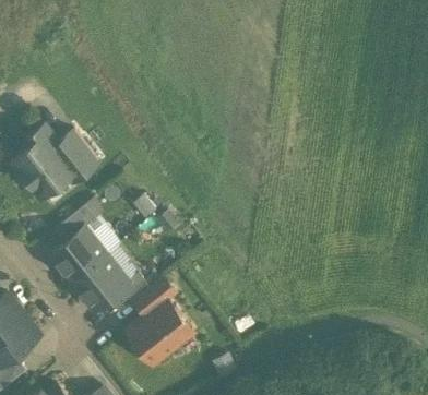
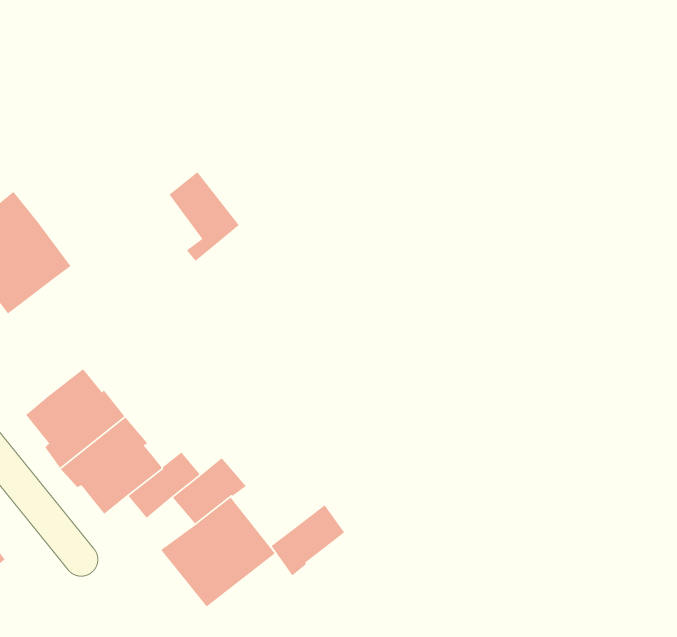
building: [59,131,99,182] -> [169,171,240,262]
building: [55,205,96,242] -> none
building: none -> [271,504,345,576]

